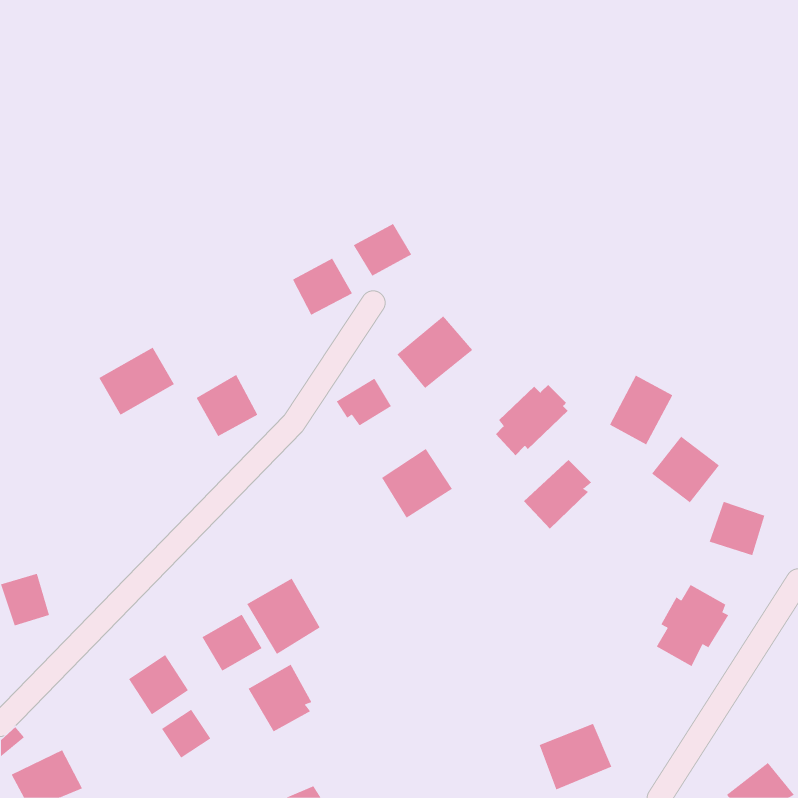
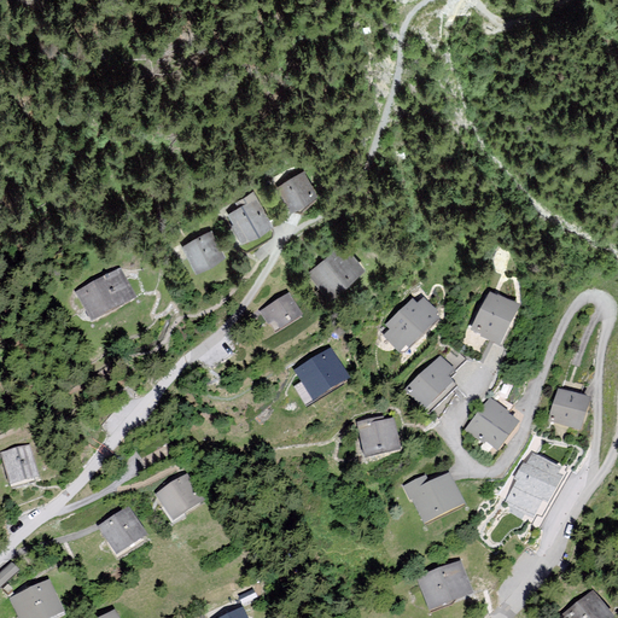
building: [196,374,258,437] -> [179,229,227,278]
building: [651,436,720,503] -> [466,398,519,450]
building: none -> [357,416,401,455]
building: [246,578,321,655] -> none
building: none -> [404,473,465,524]
building: [248,664,312,732] -> none
building: [161,709,211,758] -> none

